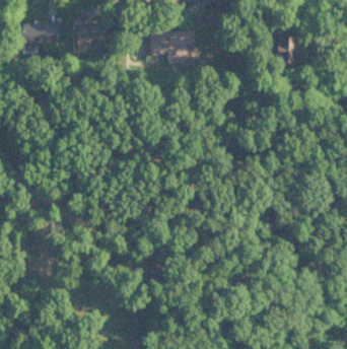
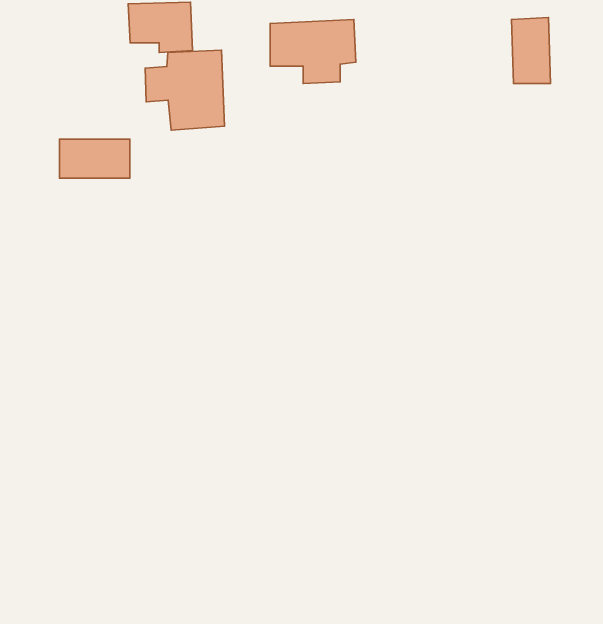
building: [24,24,61,45] -> [60,139,130,178]
building: none -> [145,50,225,130]

